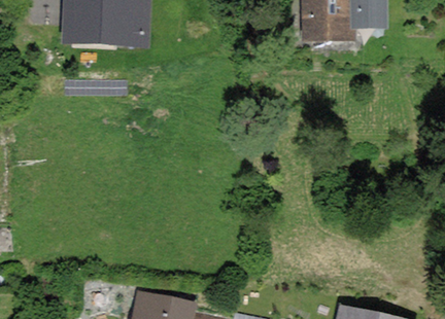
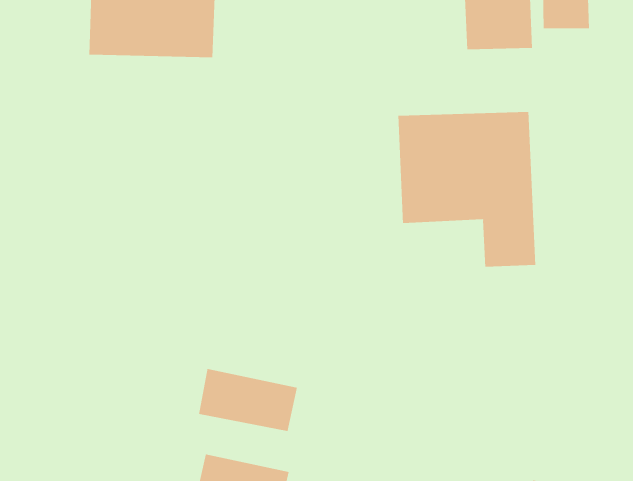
building: none -> [398,111,536,268]
building: none -> [199,368,297,432]

